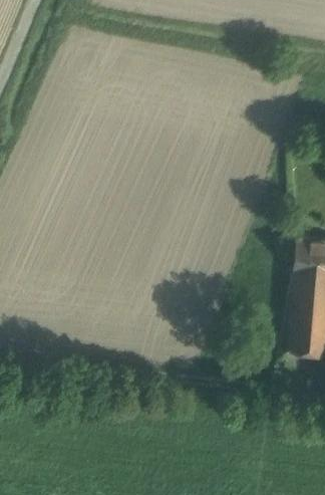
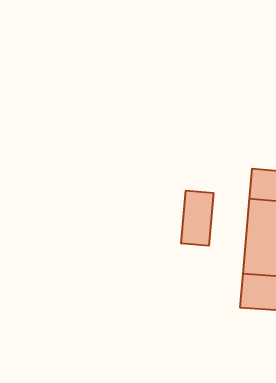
building: none -> [181,191,213,246]

